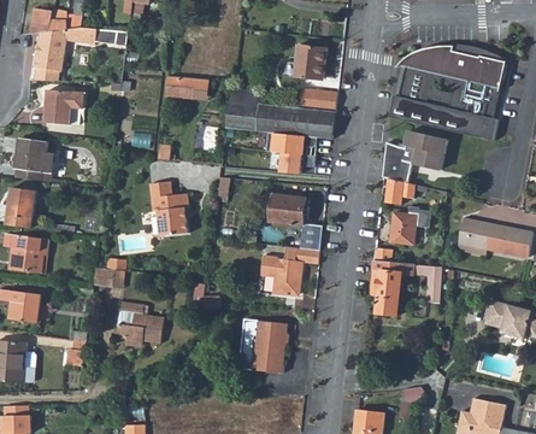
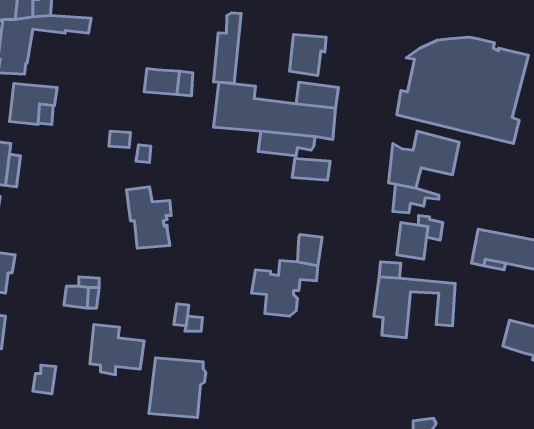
building: none -> [213,13,241,83]
building: [269,193,305,225] -> none
building: [237,318,288,371] -> [149,358,206,418]

